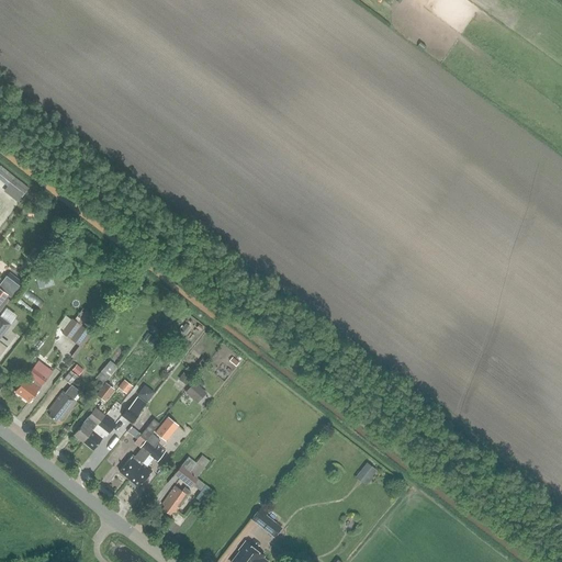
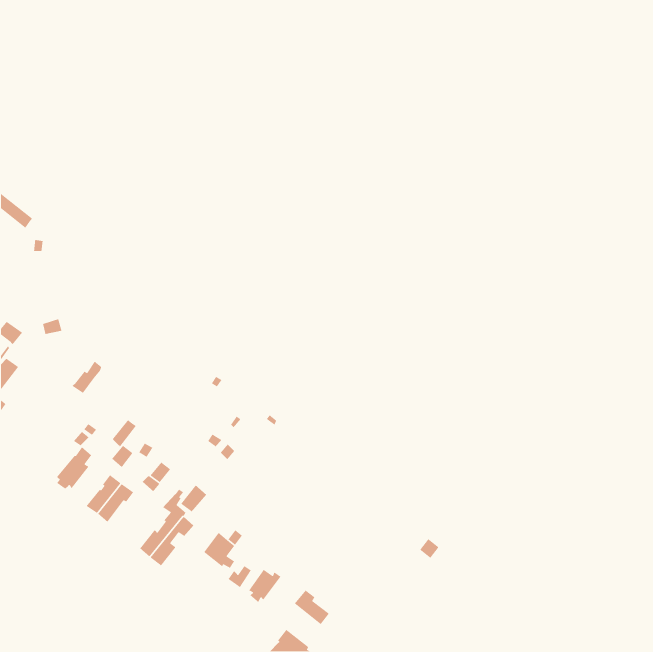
building: [14,363,49,402] -> none
building: [161,485,190,515] -> [248,569,281,603]

